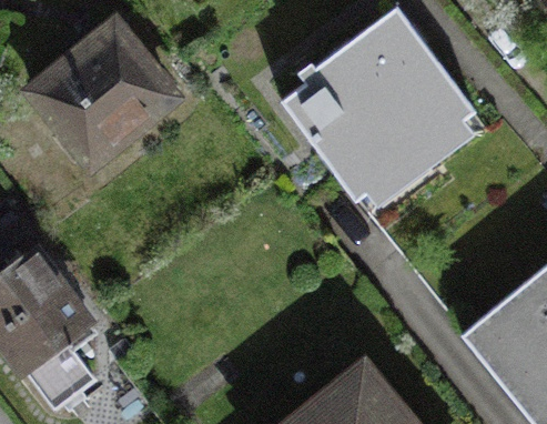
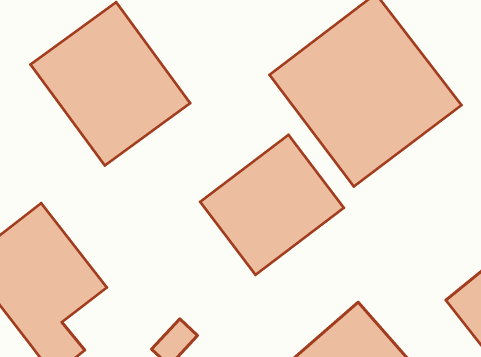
building: none -> [200,135,344,275]

